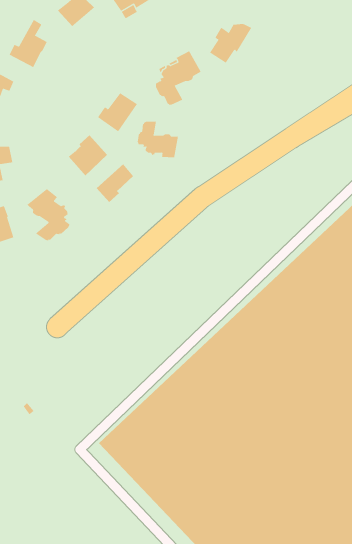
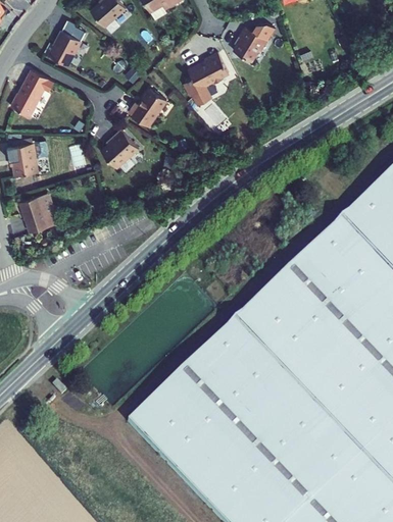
building: [137,121,179,158] -> none
building: [96,163,134,203] -> none
building: [26,188,70,241] -> none

